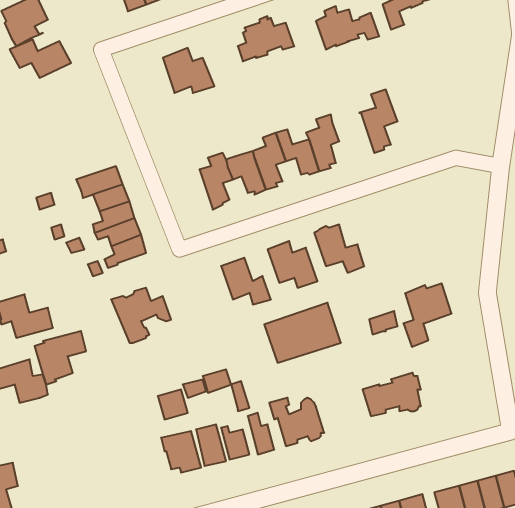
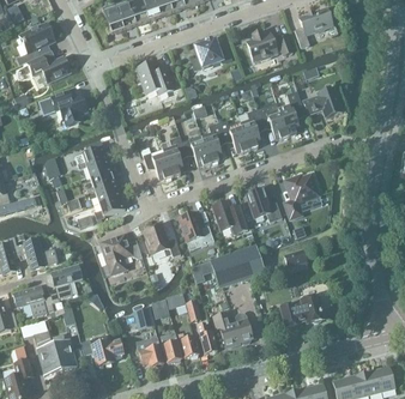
building: none -> [303,86,343,116]
building: none -> [38,91,86,125]
building: none -> [259,107,289,138]
building: none -> [143,147,173,179]
building: none -> [143,223,181,255]
building: [403,283,452,347] -> [284,173,319,218]
building: none -> [34,330,77,373]
building: none -> [90,333,123,364]

